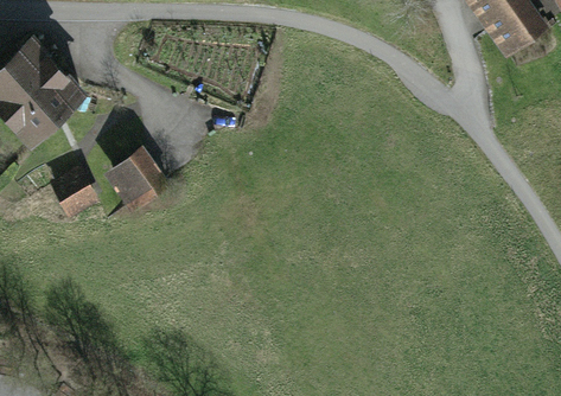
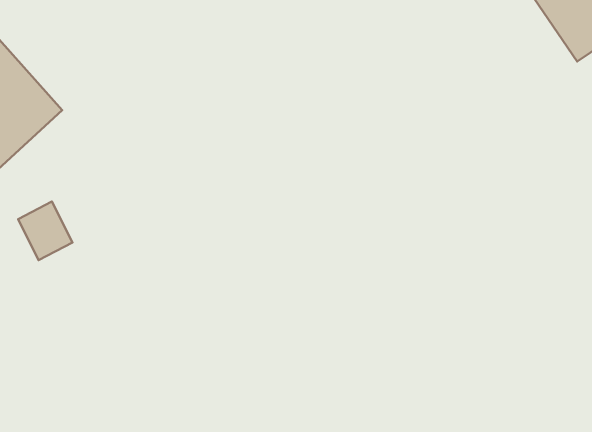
building: [106,148,168,211] -> none

